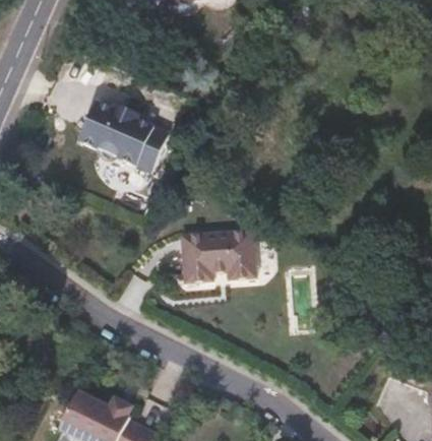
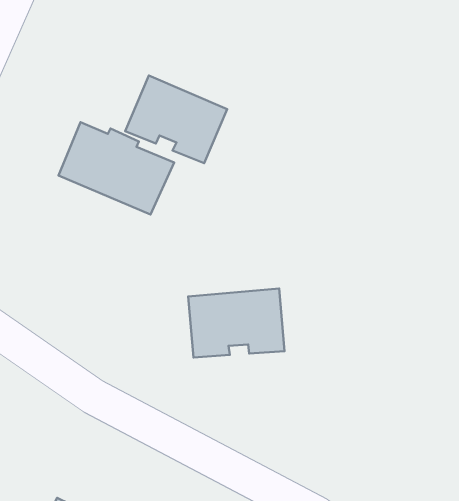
building: none -> [125,76,227,163]

